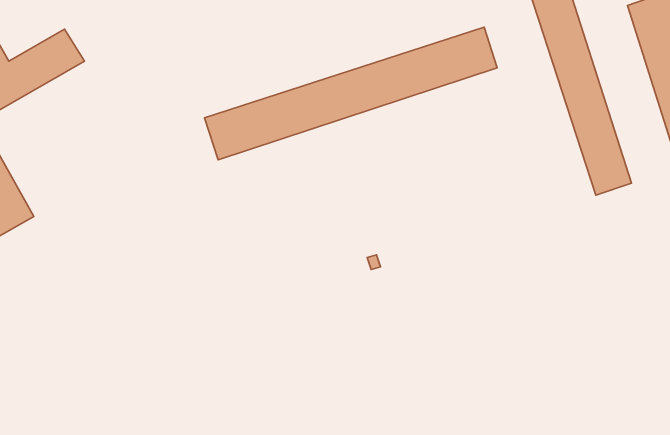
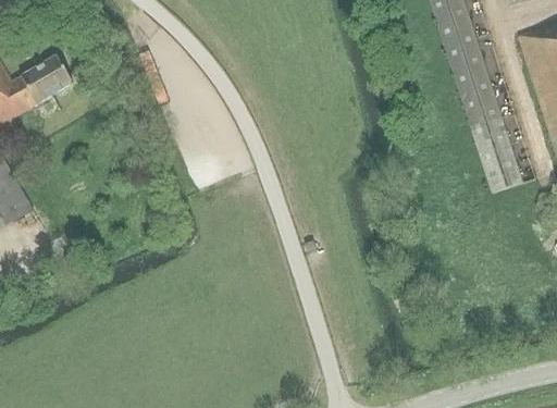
building: [204,27,497,160] -> none

